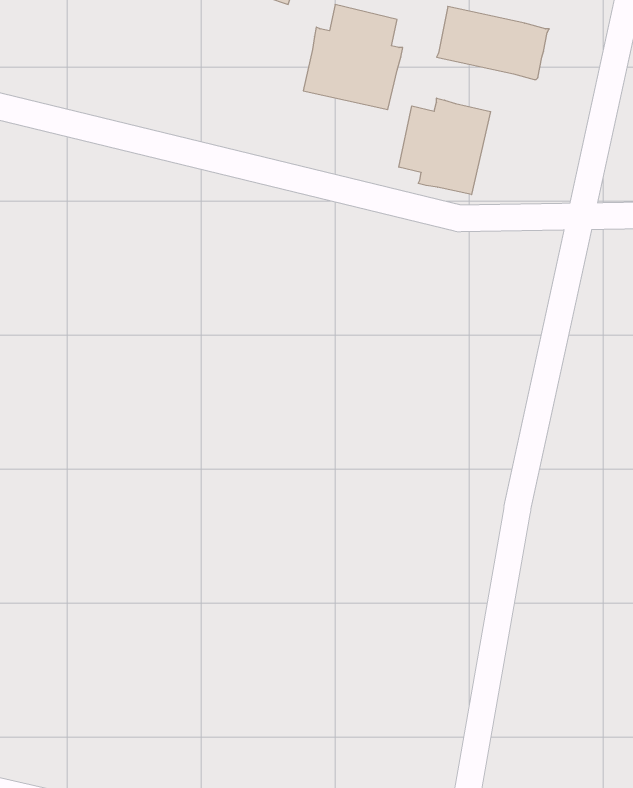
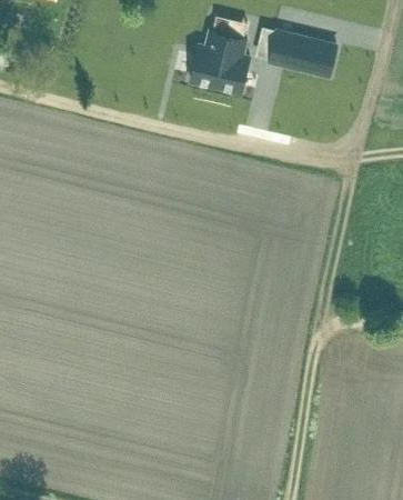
building: [399,98,491,195] -> none

